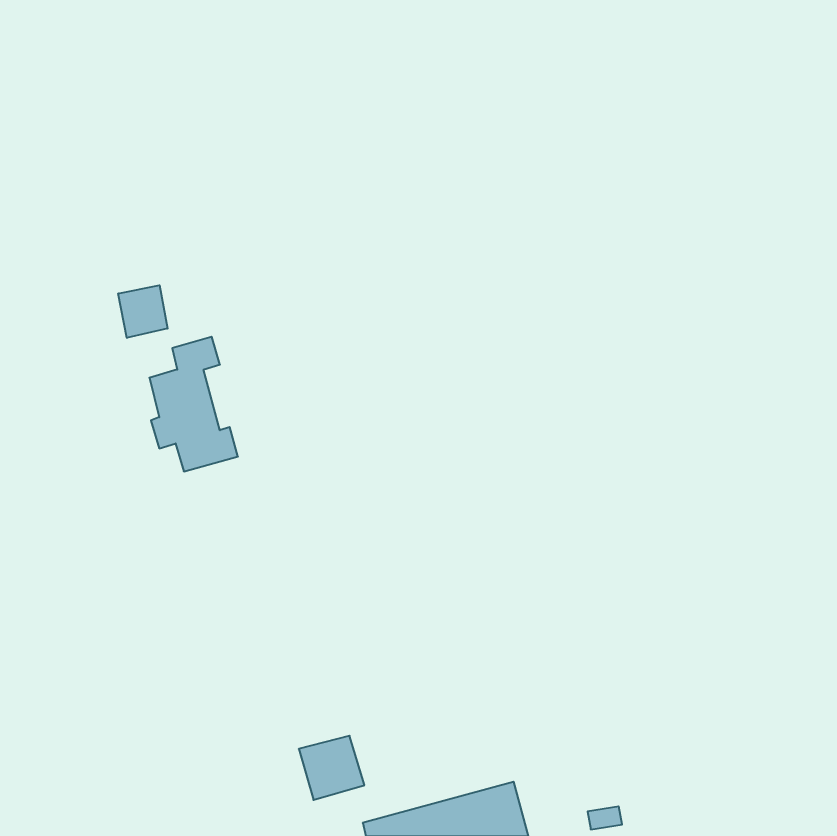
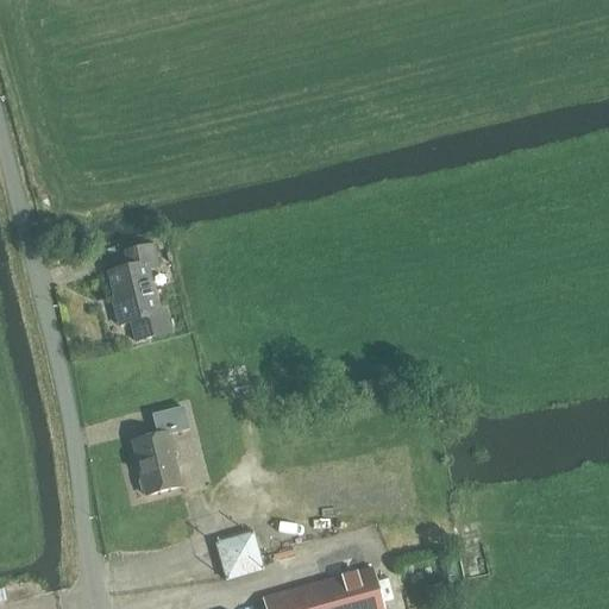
building: [118,285,168,338] -> none
building: none -> [133,407,189,495]

